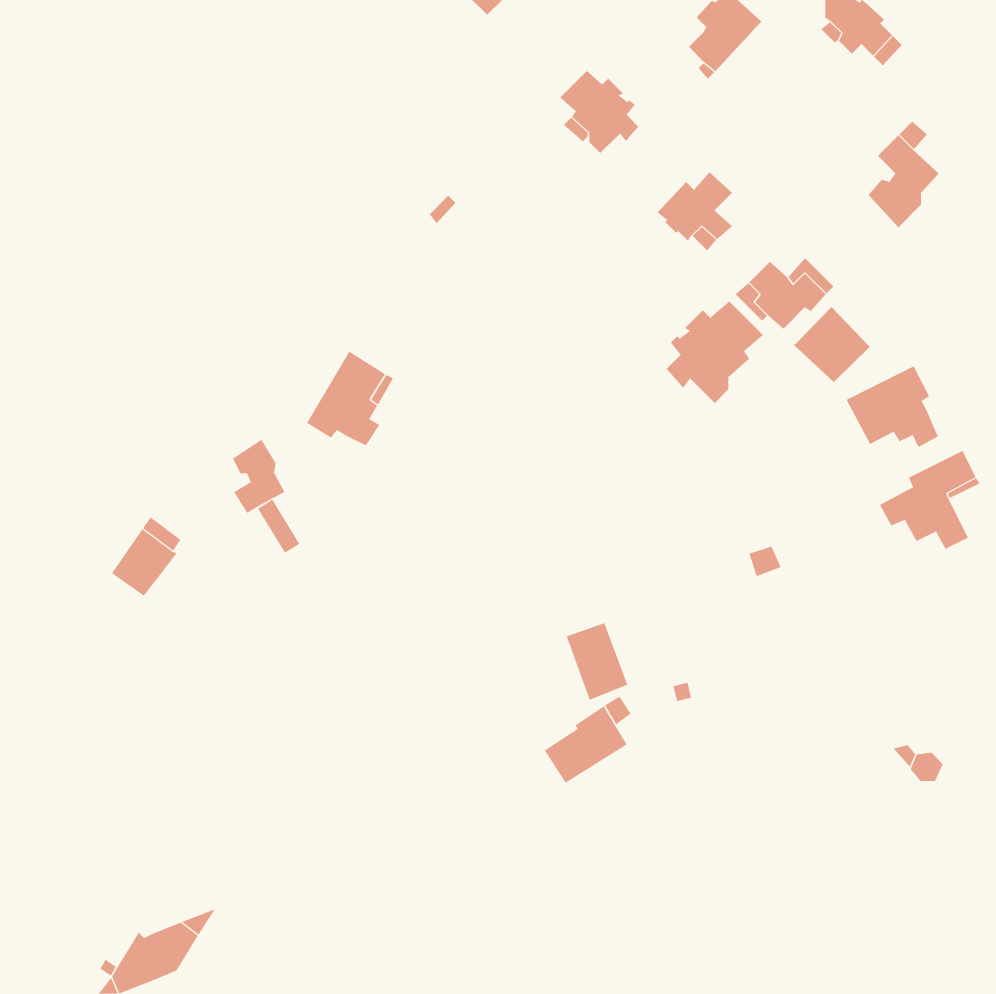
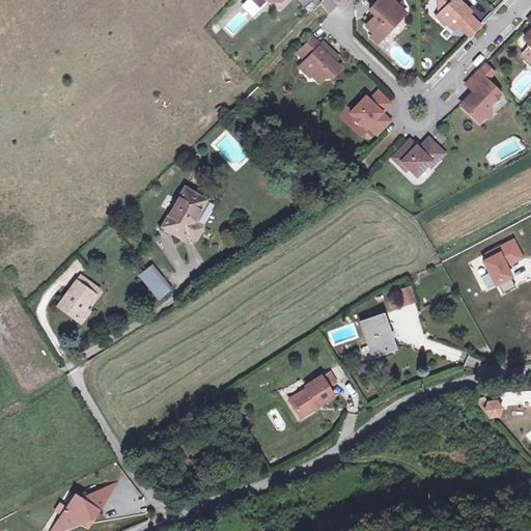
building: [666,301,764,404] -> none
building: [793,306,870,383] -> none
building: [846,366,939,448] -> none
building: [232,439,285,514] -> none
building: [566,622,628,700] -> [361,314,394,356]

